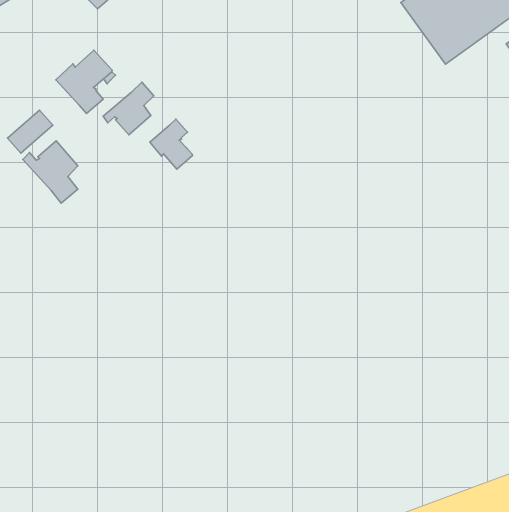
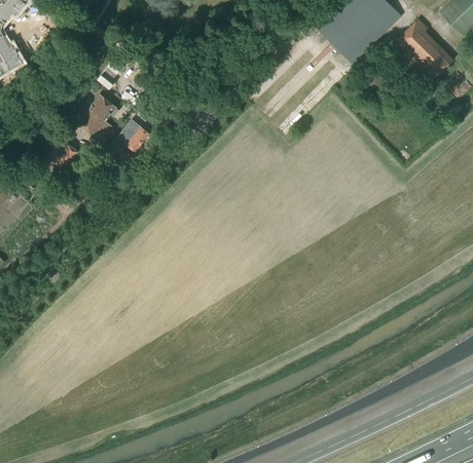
building: [150,119,192,169] -> none
building: [23,141,78,203] -> none

